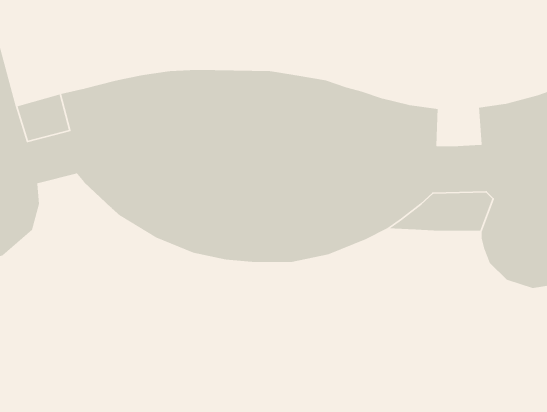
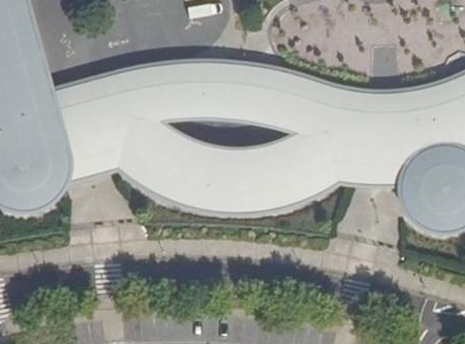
building: none -> [369,91,402,120]
building: none -> [63,142,122,184]

